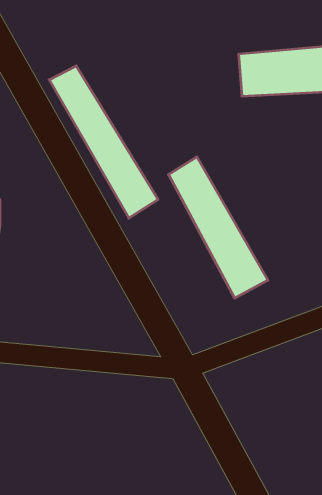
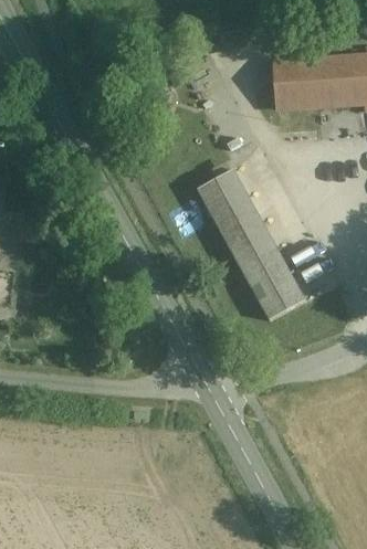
building: [49,66,158,218] -> none

